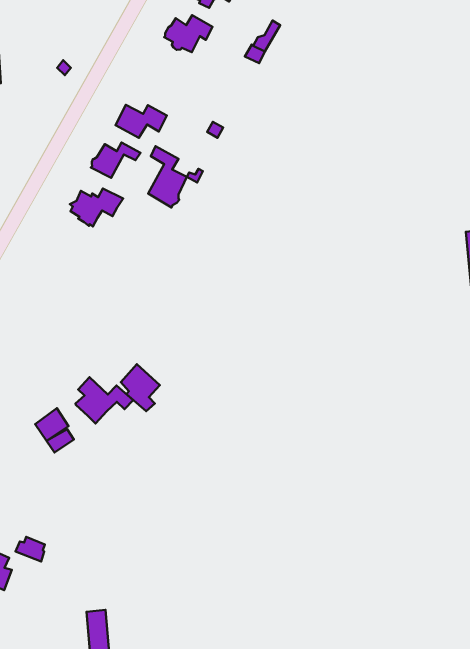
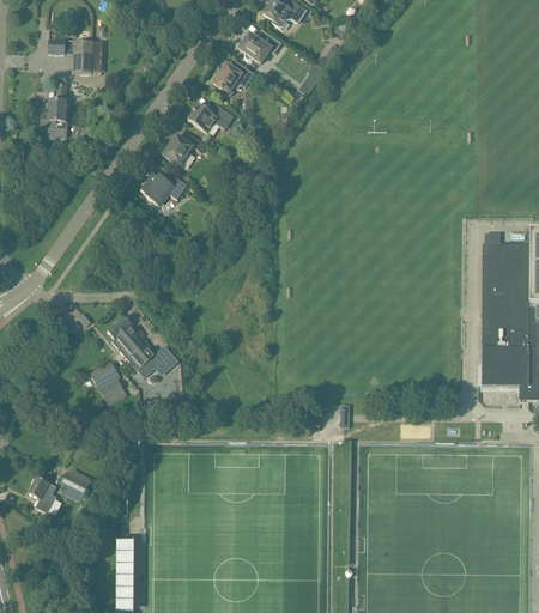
building: none -> [213,61,254,96]
building: [148,146,187,207] -> none
building: [121,364,160,411] -> [109,316,143,358]

